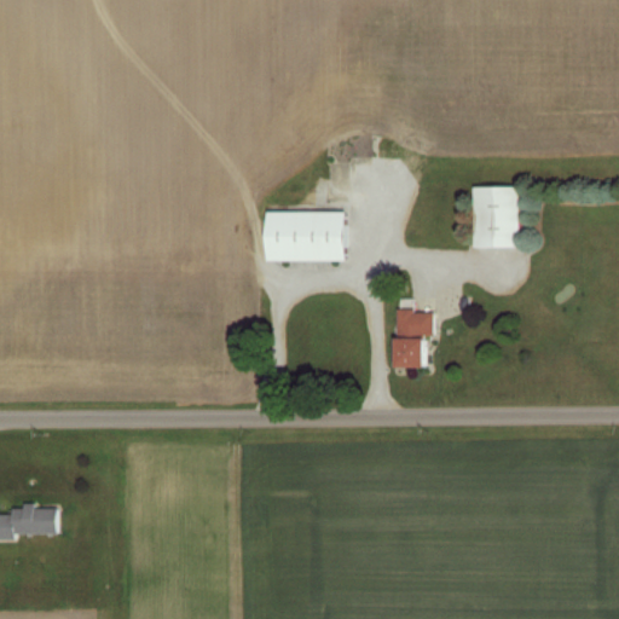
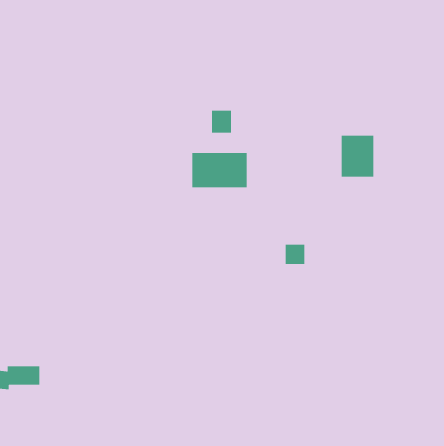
building: none -> [211,110,232,133]
building: [394,311,430,335] -> none

